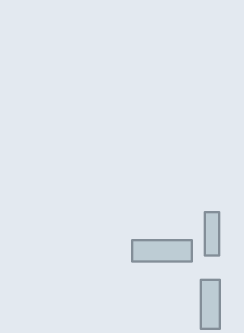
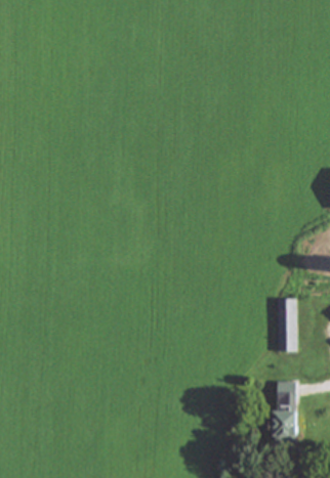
building: [132,240,192,261] -> none

